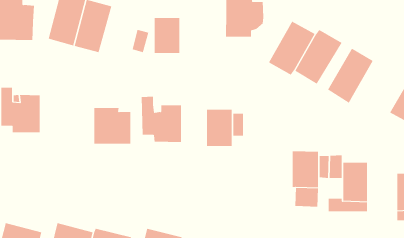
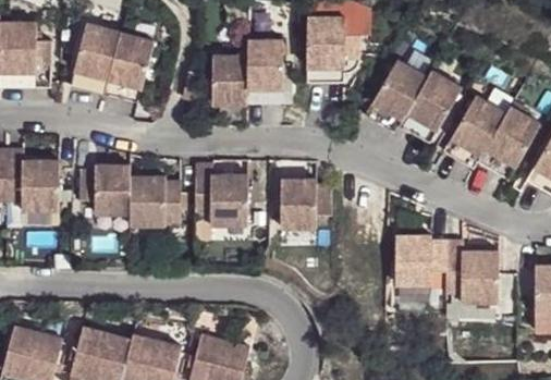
building: none -> [246,38,282,102]
building: none -> [476,105,540,181]
building: none -> [81,162,131,211]

